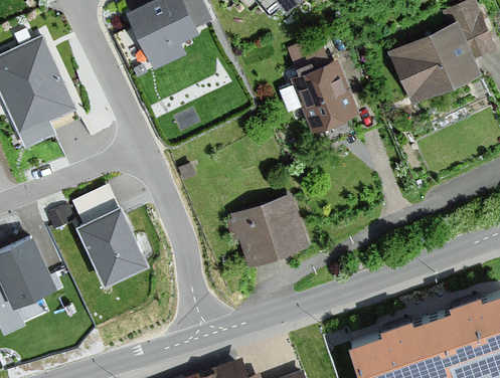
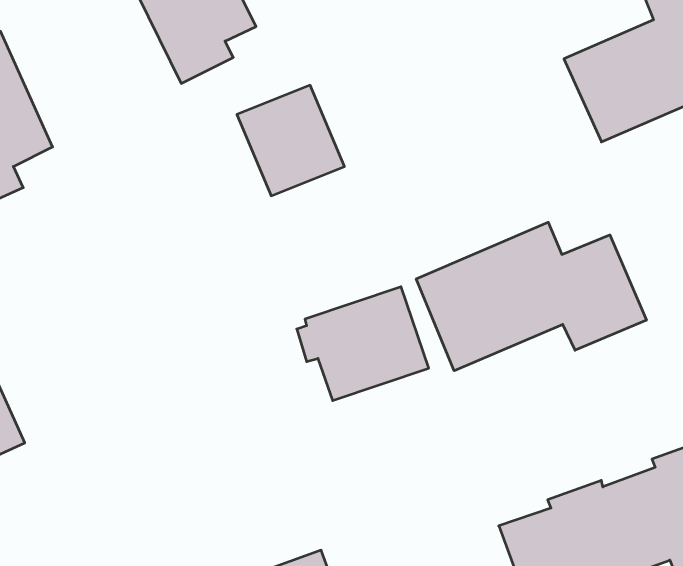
building: [292,63,358,132] -> [237,85,344,196]
building: none -> [416,222,646,371]
building: [71,188,149,289] -> none

